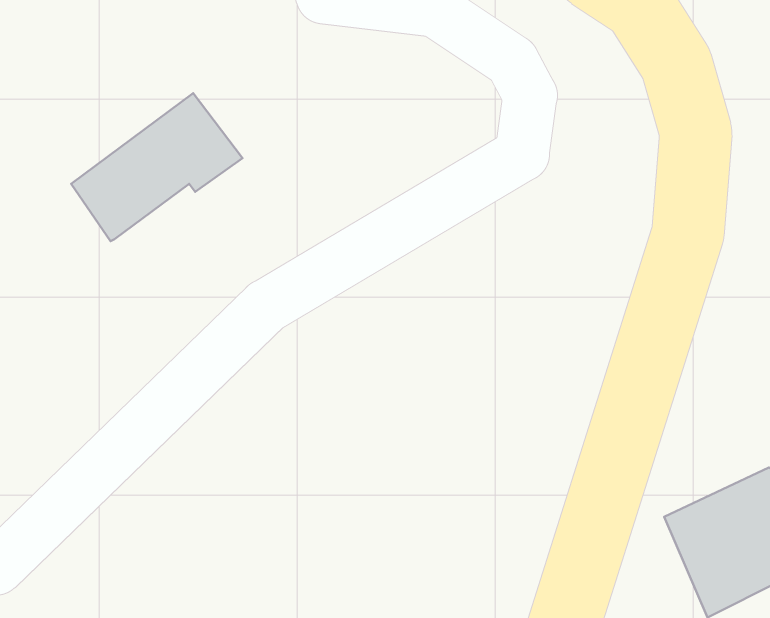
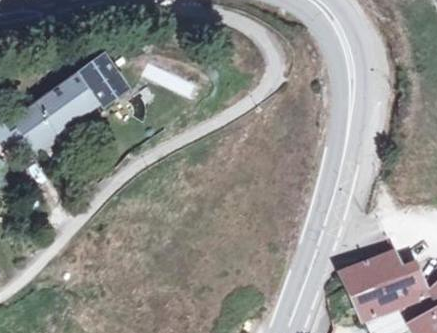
building: none -> [13,102,64,154]

